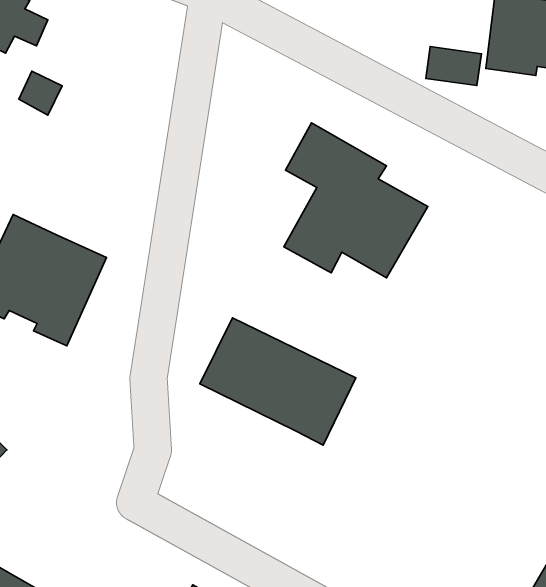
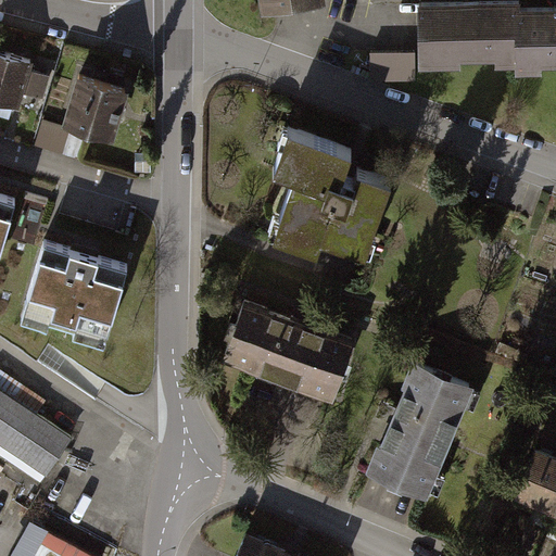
building: none -> [65,77,130,140]
building: none -> [368,365,472,498]

